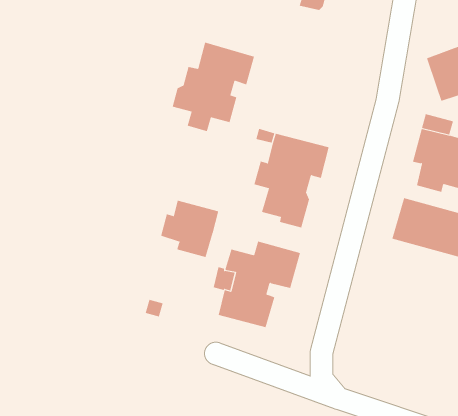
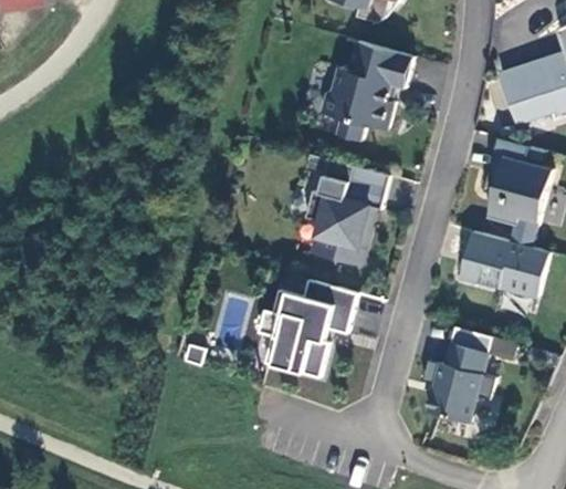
building: [172,42,255,132] -> [321,40,413,141]
building: [160,200,219,258] -> none
building: none -> [426,329,516,428]

